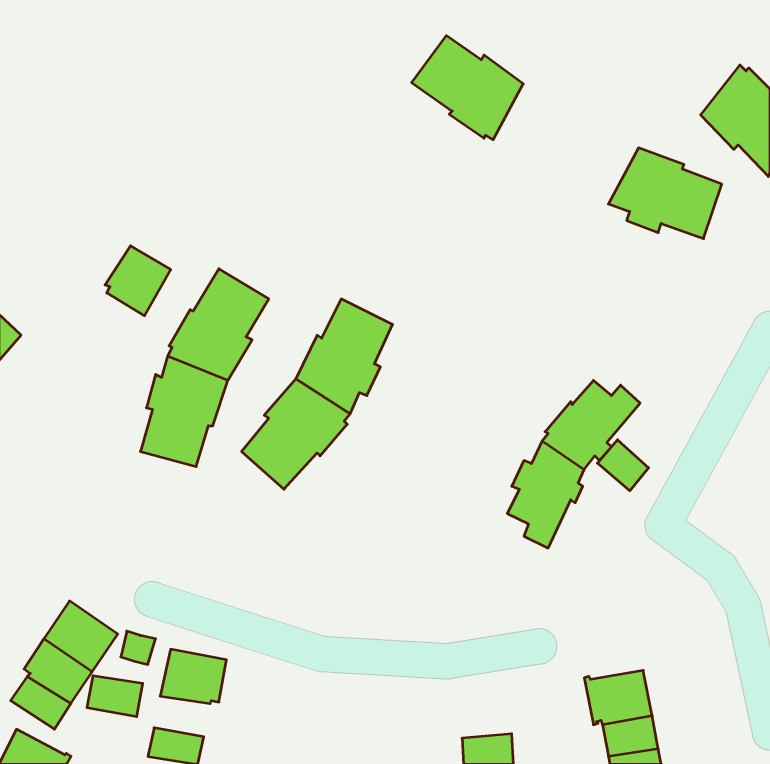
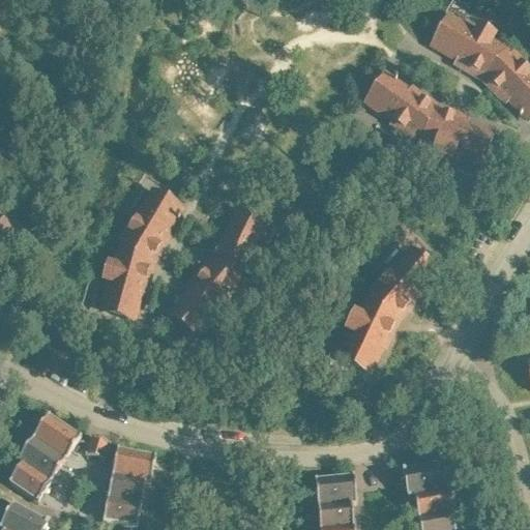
building: none -> [428,10,507,79]
building: [412,36,523,140] -> [361,68,438,140]
building: [105,246,171,316] -> none
building: [597,440,649,491] -> none
building: [87,676,143,717] -> [106,477,144,505]
building: none -> [314,472,356,506]

